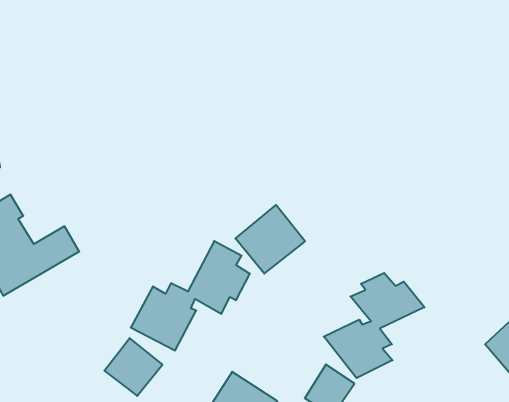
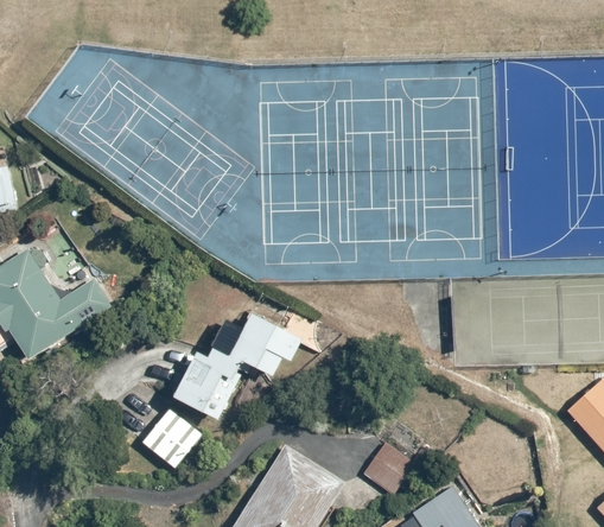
building: [235,205,305,274] -> none
building: [324,273,425,378] -> none

